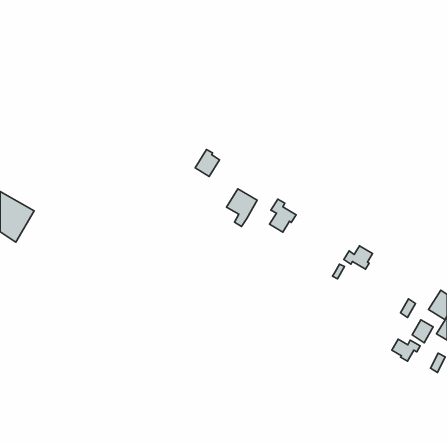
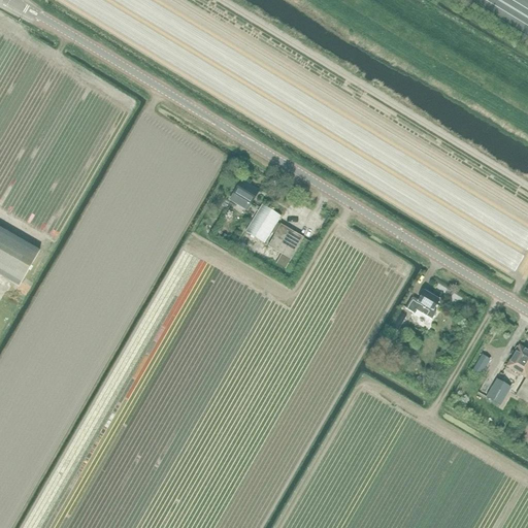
building: none -> [245,203,280,241]
building: [270,199,296,232] -> none
building: [392,339,420,361] -> none

